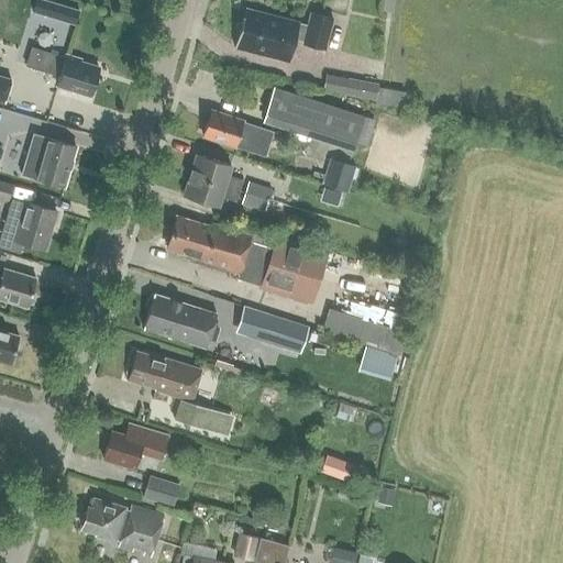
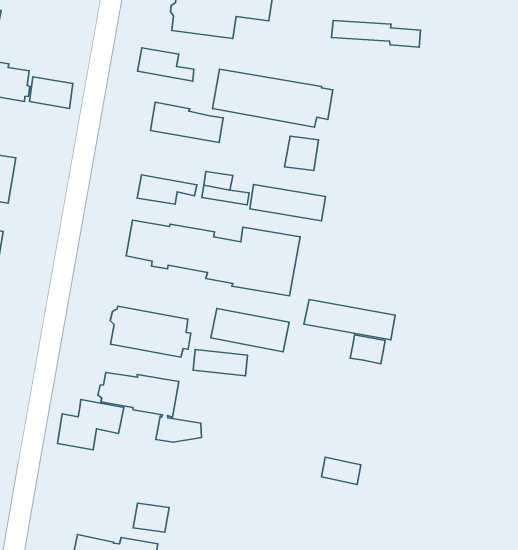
building: [323,73,406,107] -> [332,21,421,47]
building: none -> [30,77,73,108]
building: [190,155,242,191] -> [138,48,194,81]
building: none -> [250,184,325,221]
building: [103,421,168,468] -> [57,400,124,450]

